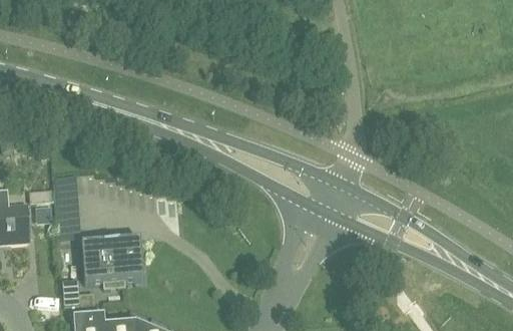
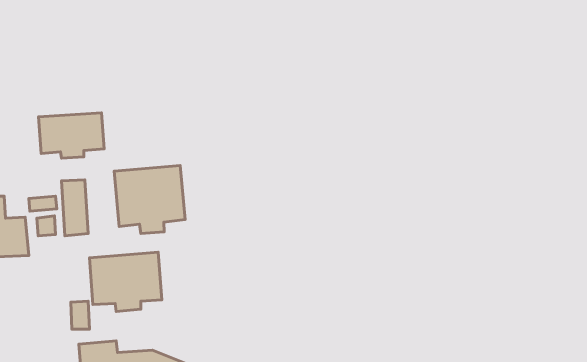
building: none -> [38,113,104,158]
building: none -> [114,165,185,234]

